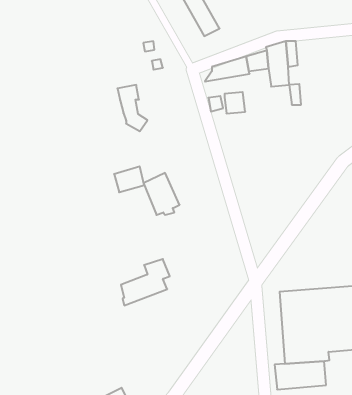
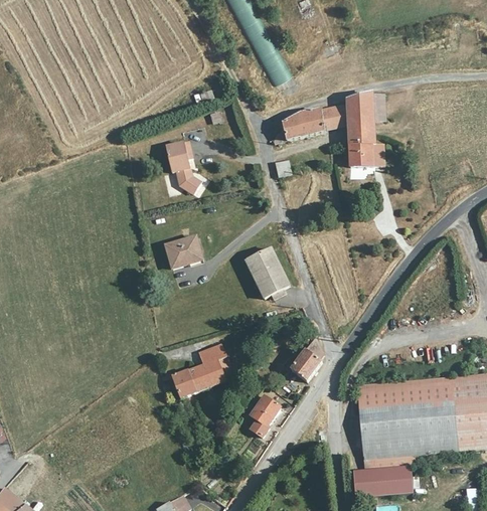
building: [225,92,245,113] -> [349,141,373,166]
building: [144,173,180,215] -> [247,250,289,300]
building: none -> [285,340,316,382]
building: none -> [245,398,276,442]

